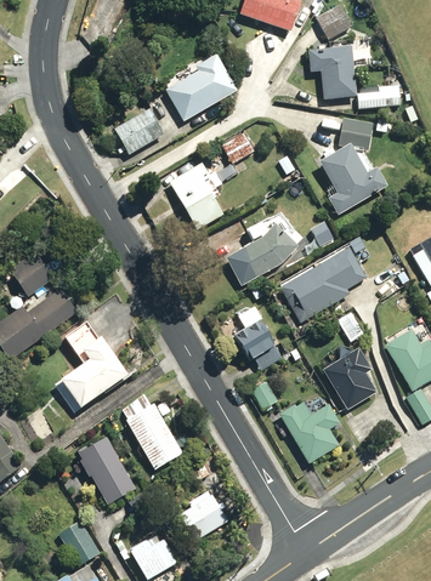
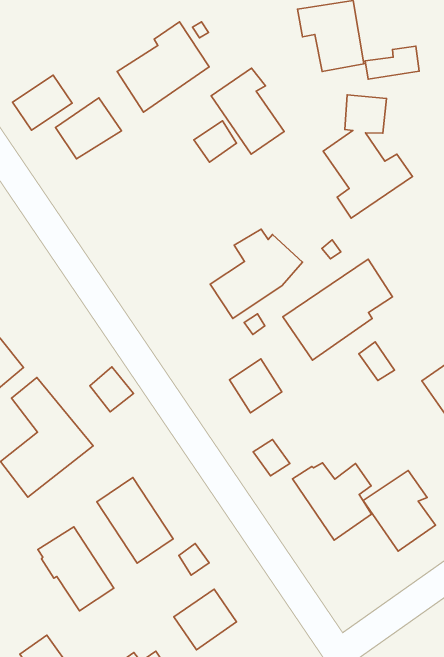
building: none -> [13,75,72,130]
building: [169,161,223,228] -> [211,68,284,154]
building: none -> [90,367,134,412]
building: [323,347,378,409] -> [363,471,435,551]

